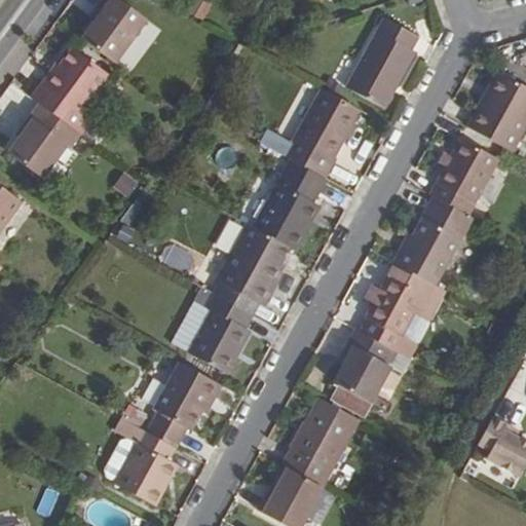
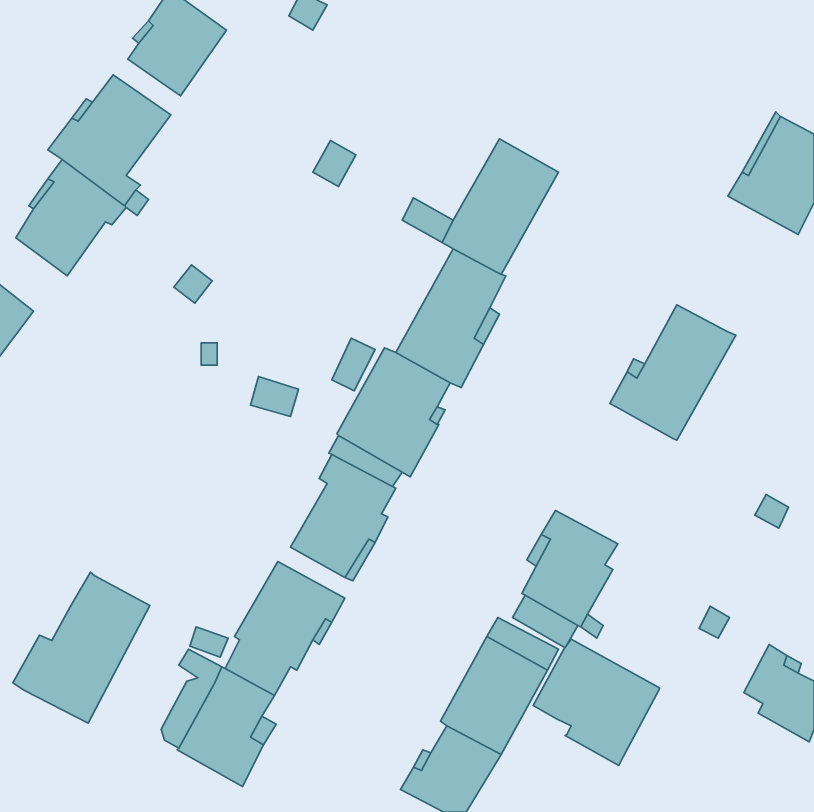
building: [346,18,417,108] -> none
building: [431,139,499,214] -> none
building: [362,262,434,351] -> none
building: none -> [13,572,150,723]
building: none -> [533,639,659,765]

